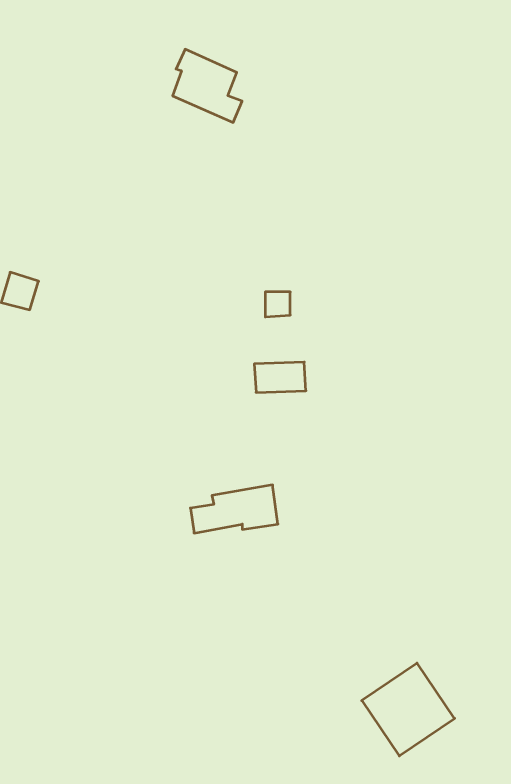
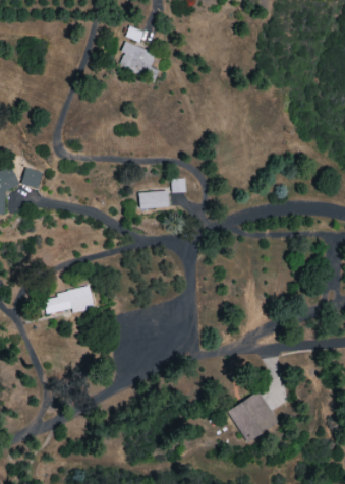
building: [254,362,306,392] -> [139,191,169,208]
building: [190,485,278,533] -> [44,287,94,314]

